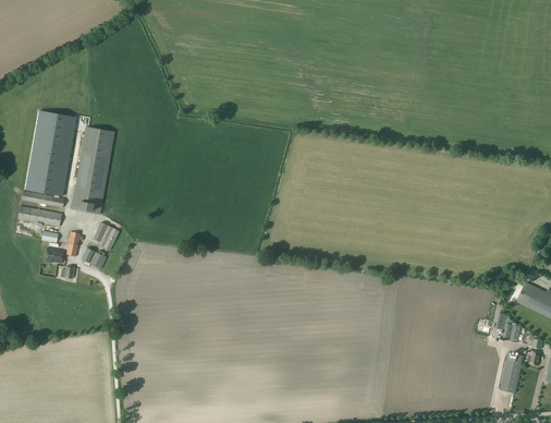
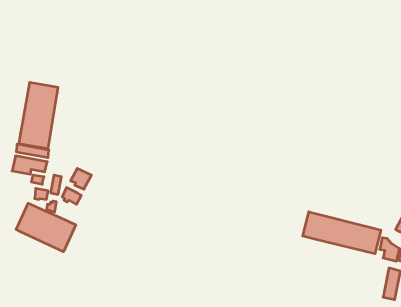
building: [71,125,114,213] -> none
building: none -> [16,203,76,252]
building: none -> [303,212,381,254]

